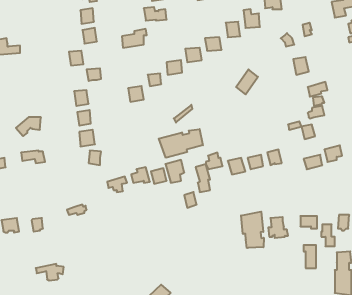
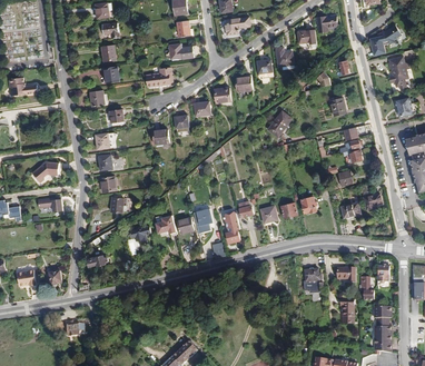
building: [159,129,203,158] -> none
building: [241,212,264,248] -> none

